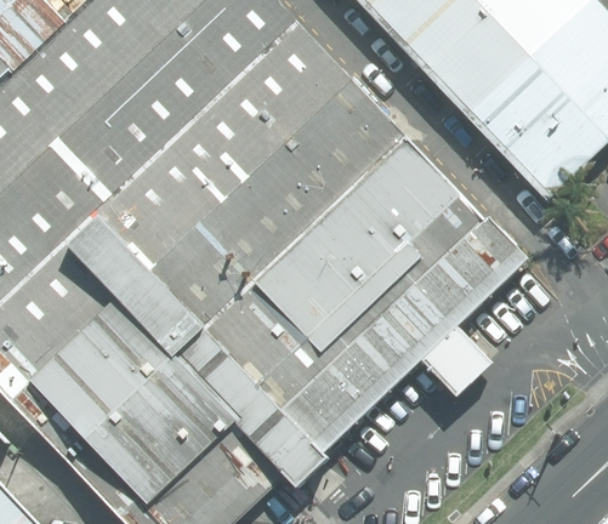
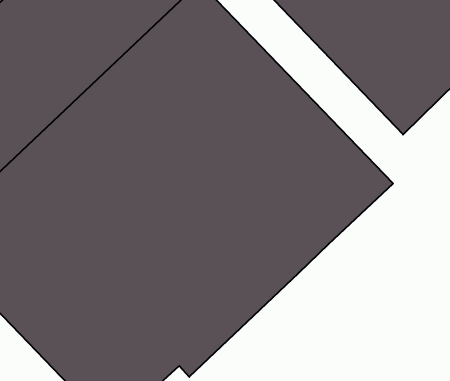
building: [415,328,483,395] -> none

